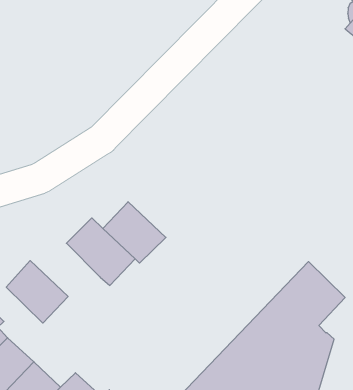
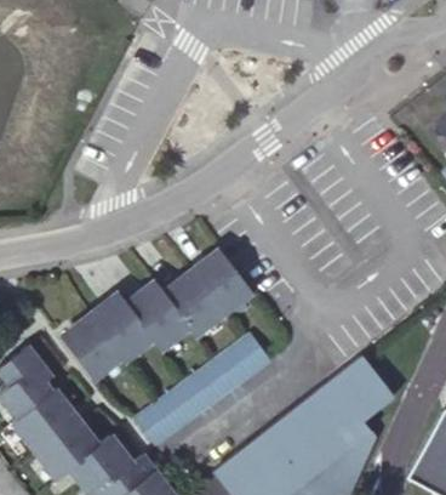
building: none -> [190,249,252,312]
building: none -> [84,292,151,365]
building: none -> [132,331,269,446]

